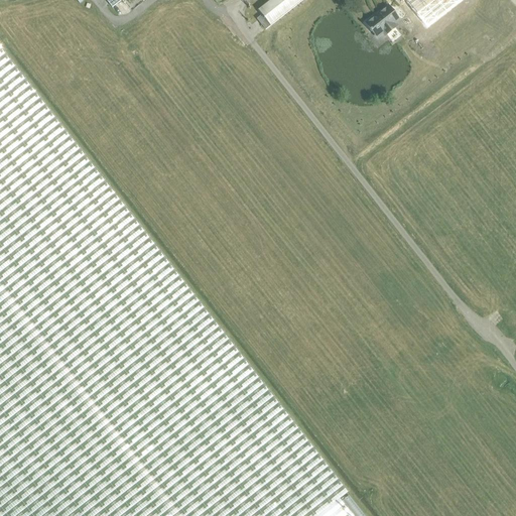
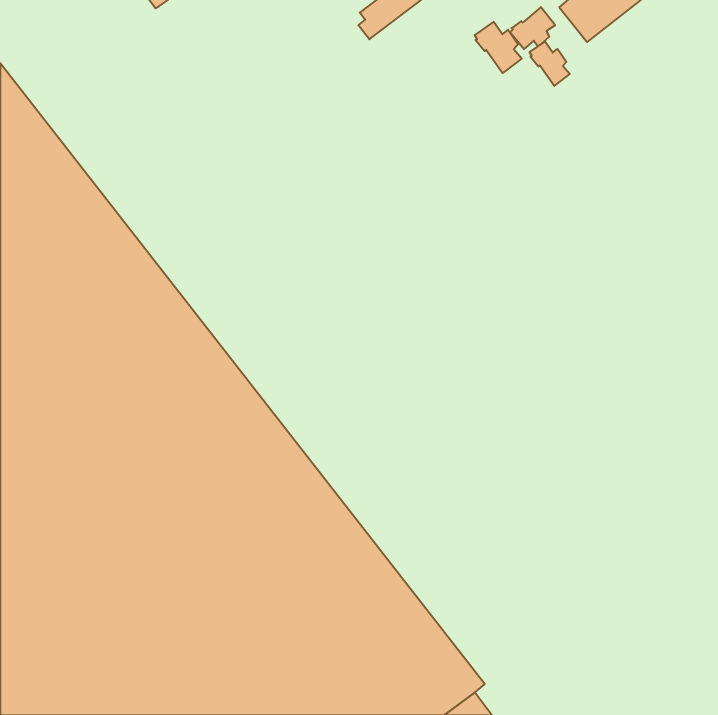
building: none -> [475,22,522,73]
building: none -> [530,42,570,86]

